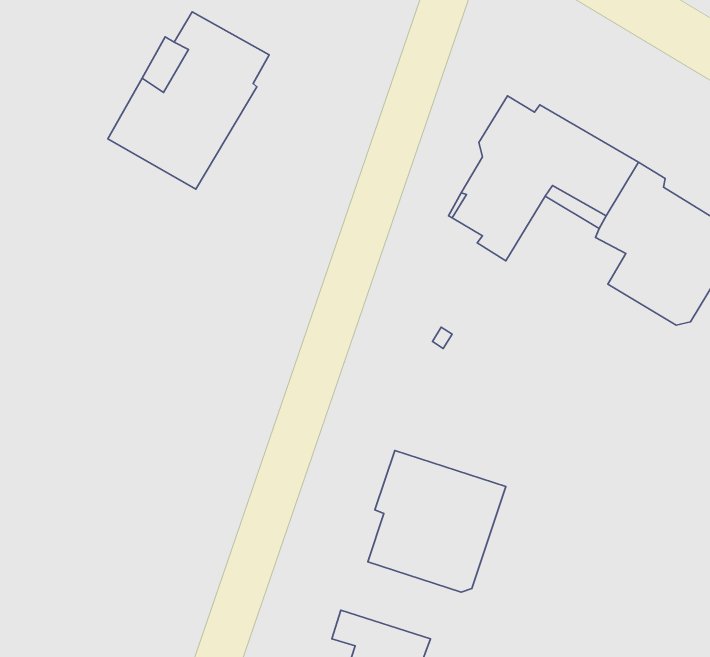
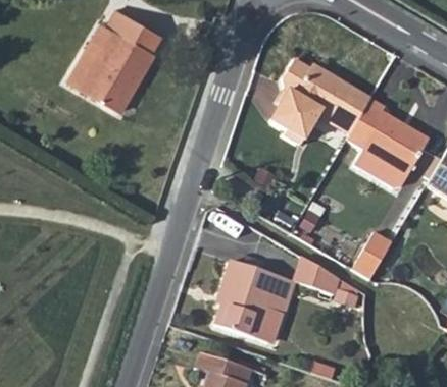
building: none -> [352,232,393,280]
building: none -> [295,257,338,293]

